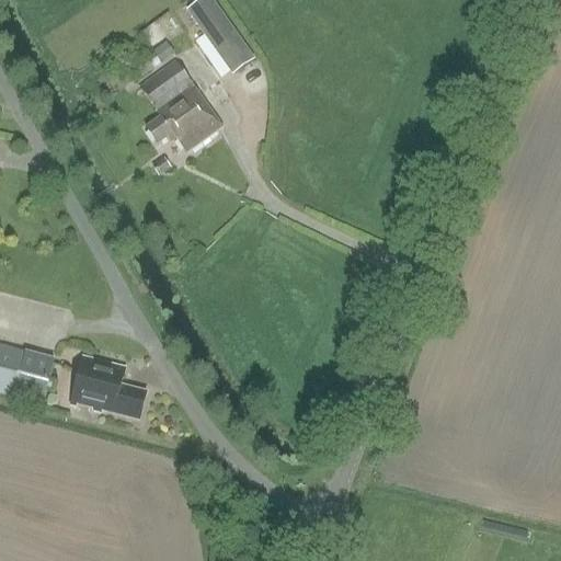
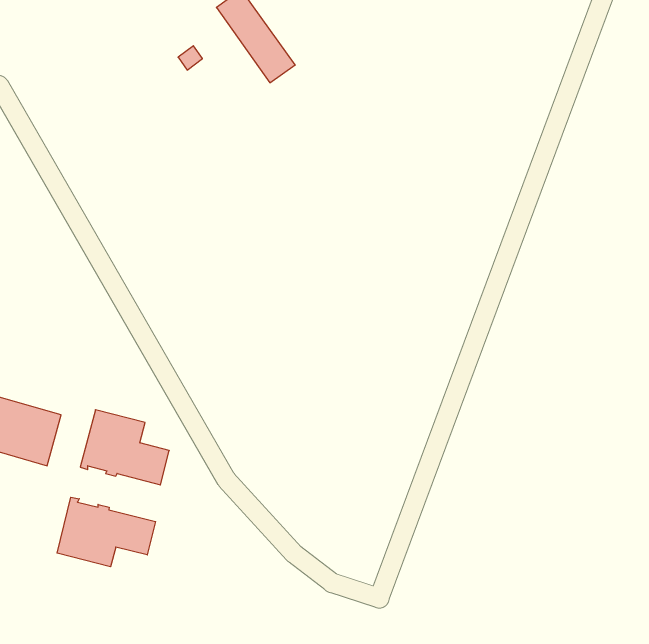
building: [139,60,219,149] -> none
building: none -> [57,497,156,567]

